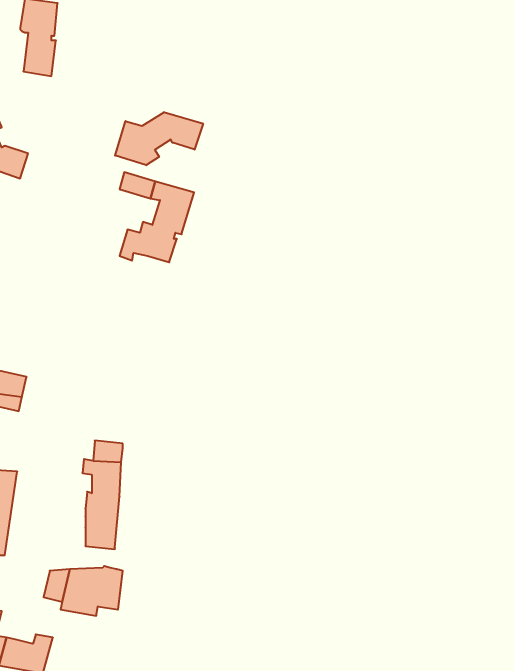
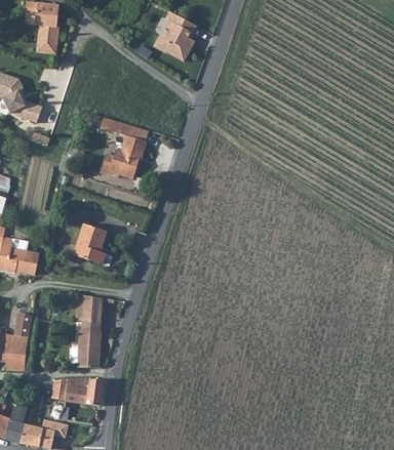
building: none -> [154,13,197,59]
building: [115,112,203,165] -> none
building: none -> [74,222,107,262]

